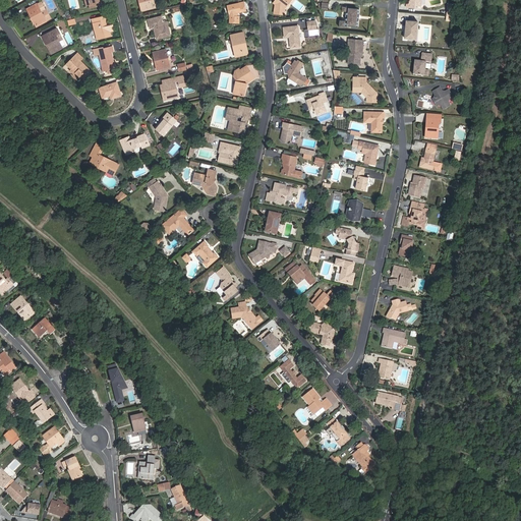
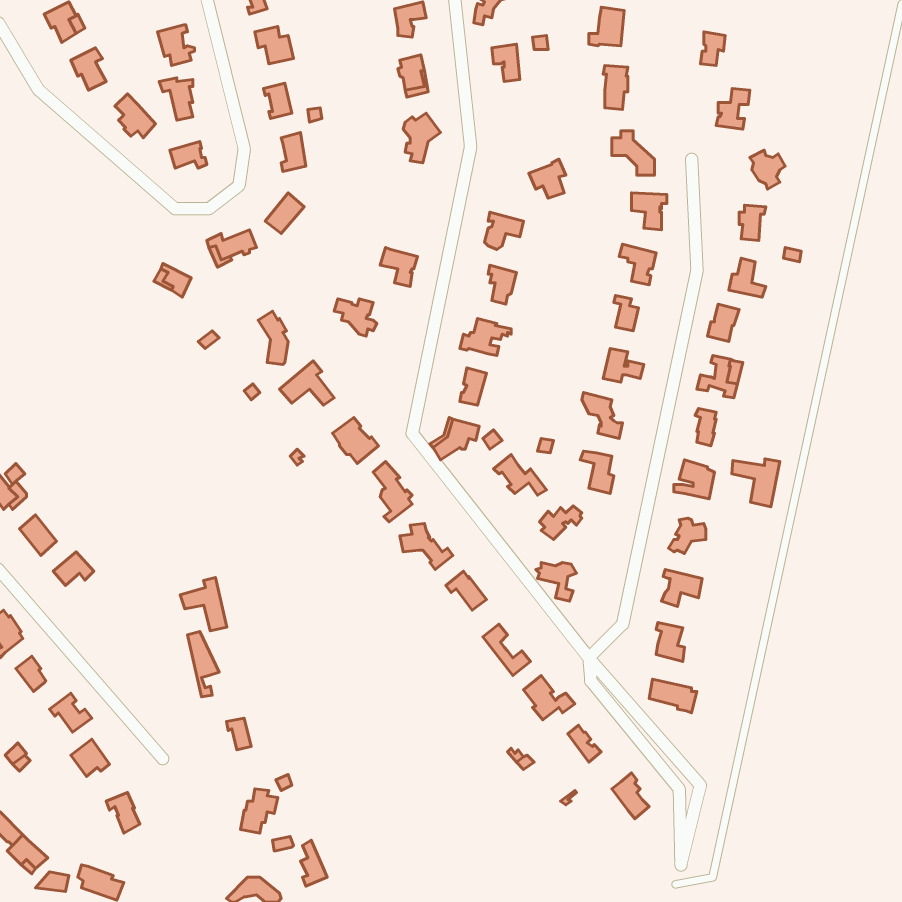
building: [282,59,307,85] -> none
building: [225,106,249,132] -> none
building: none -> [732,459,780,507]
building: none -> [180,577,227,631]

